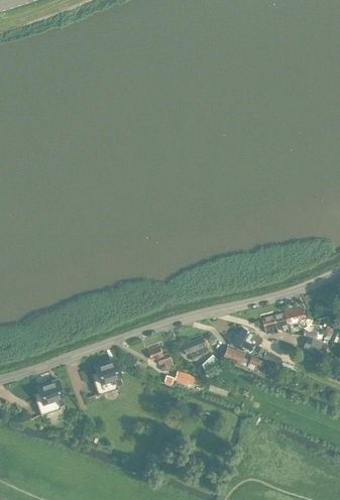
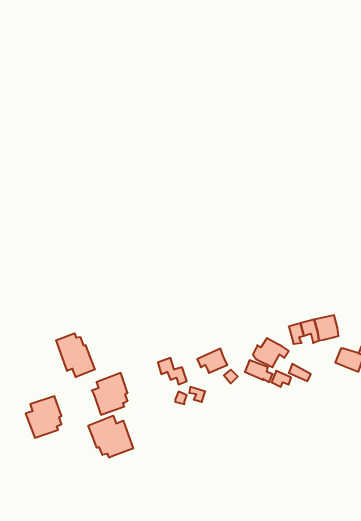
building: none -> [56,333,95,377]
building: none -> [88,416,133,458]

